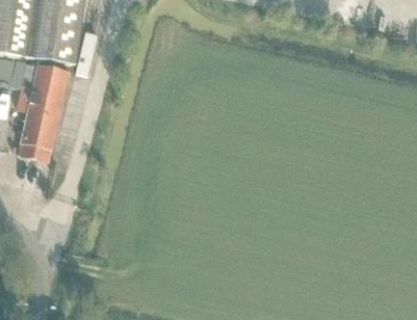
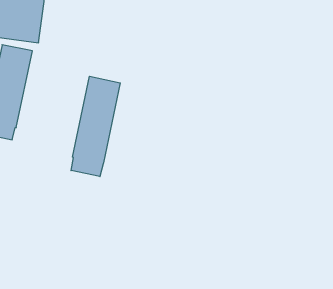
building: none -> [71,76,120,177]

